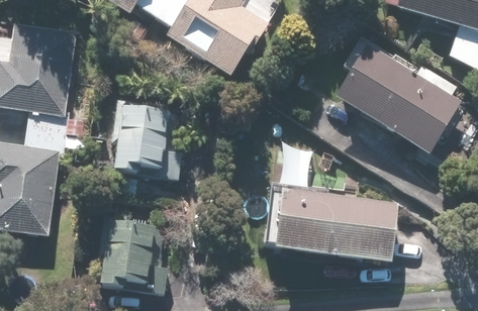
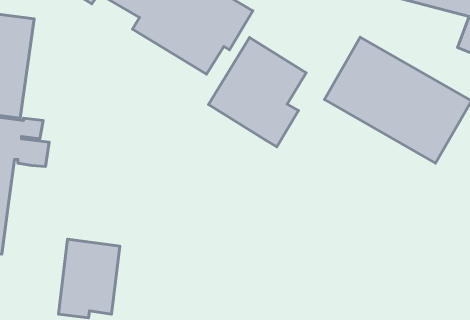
building: none -> [208,37,306,147]
building: [112,98,184,179] -> none
building: [270,191,395,264] -> none

